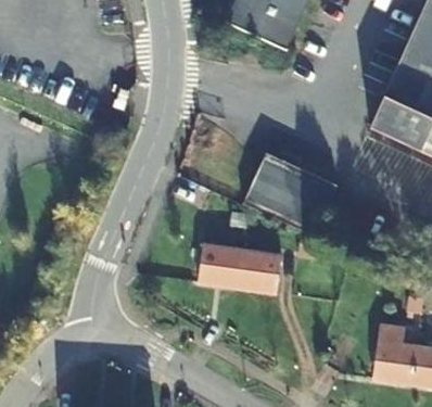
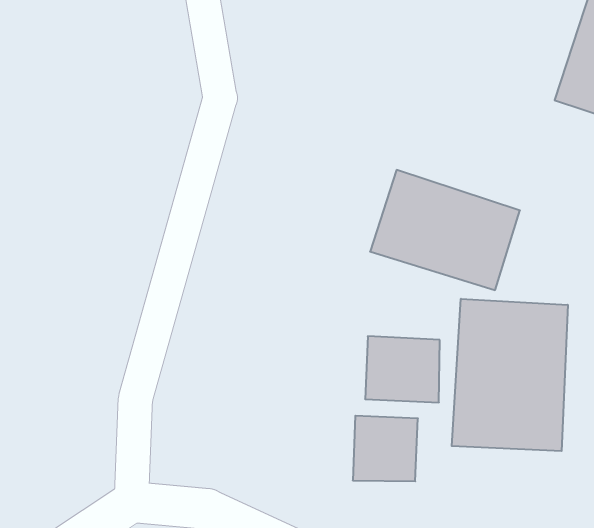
building: none -> [452,299,568,451]
building: [201,245,243,288] -> [353,416,418,481]

